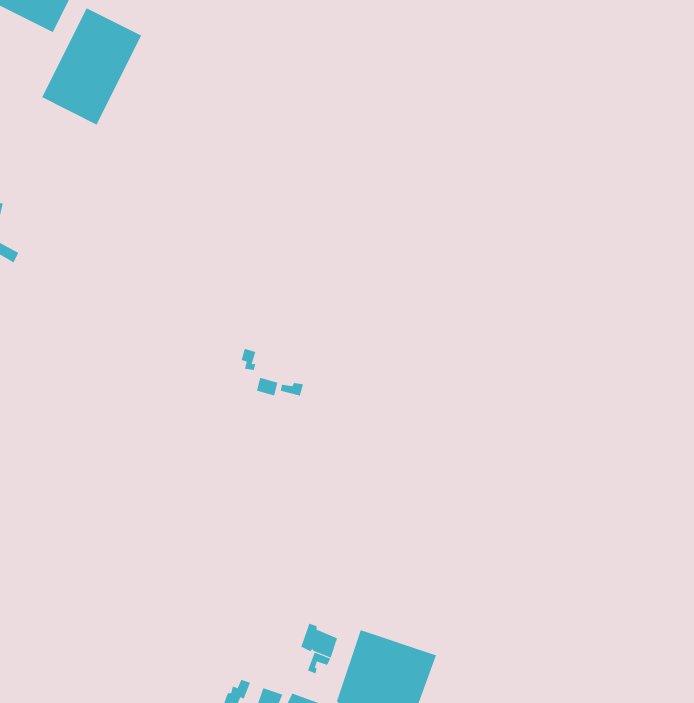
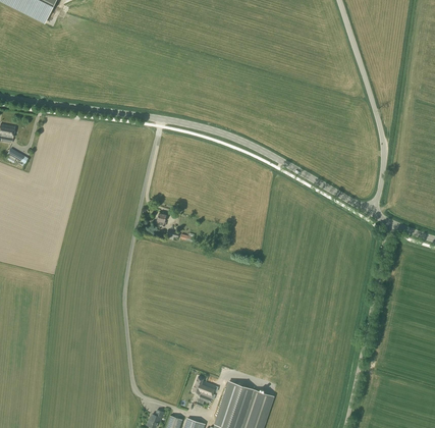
building: [41,7,142,125] -> none

